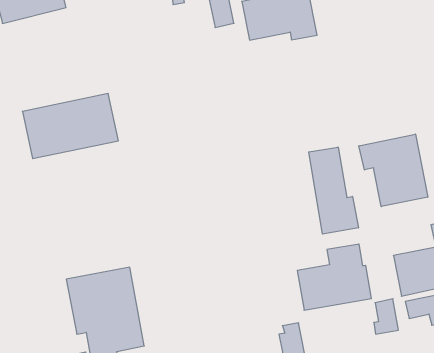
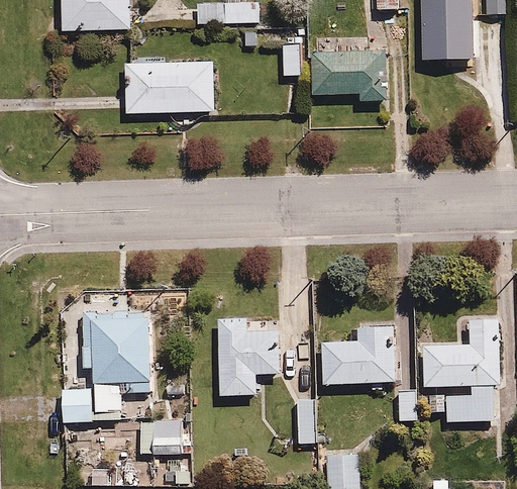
building: [22,94,118,159] -> [122,61,216,114]
building: [359,134,428,207] -> none
building: [309,147,358,234] -> none
building: none -> [217,323,281,396]

